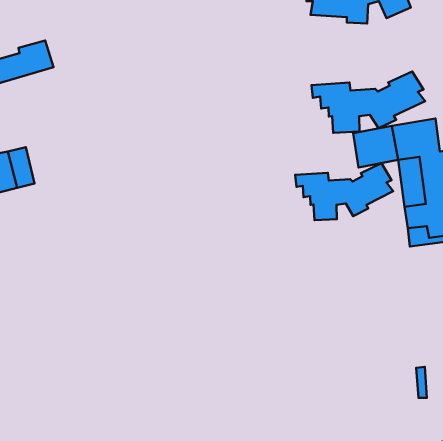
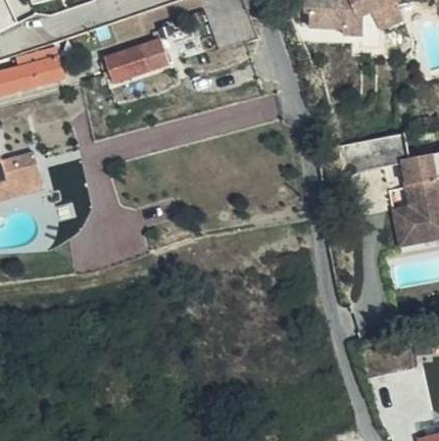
building: none -> [102,40,165,82]
building: [311,71,425,133] -> none
building: [295,163,393,220] -> none

